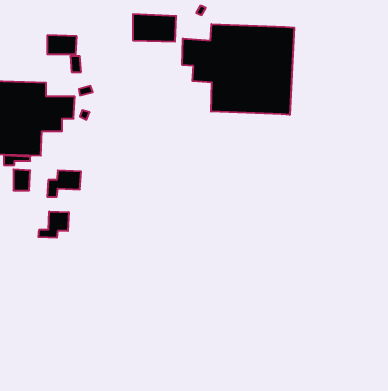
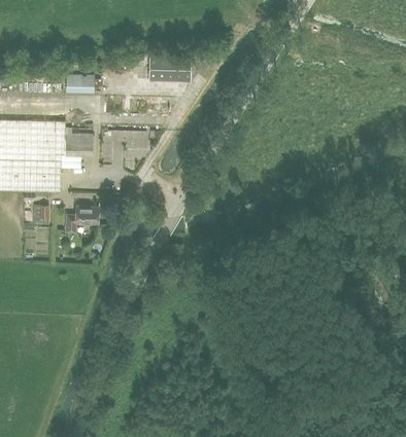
building: [182,24,294,115] -> none
building: [38,211,69,238] -> none

